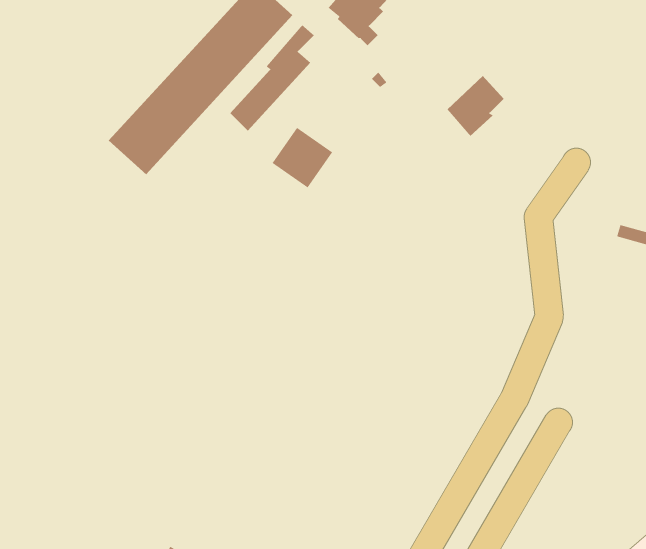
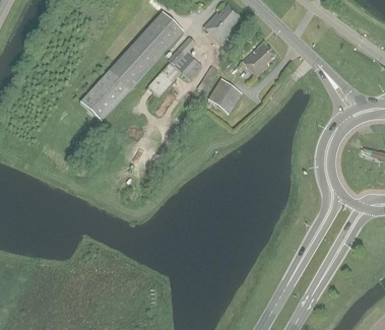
building: [446,75,505,137] -> [243,42,275,76]
building: [271,127,333,189] -> [207,78,242,113]

